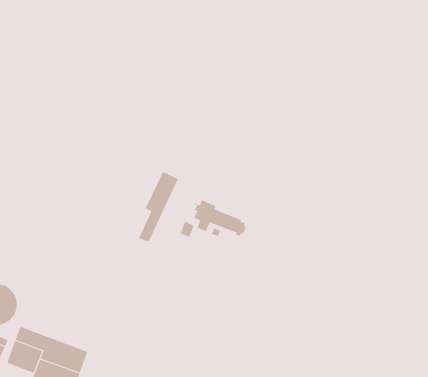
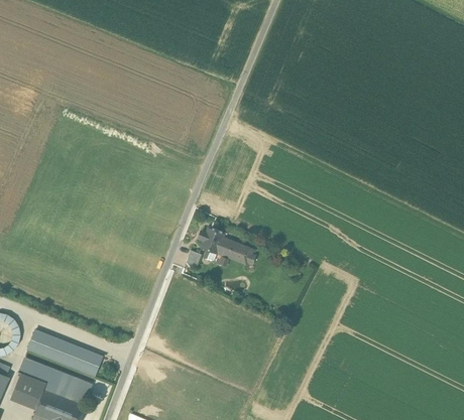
building: [138,171,178,243] -> none
building: none -> [27,329,103,376]

